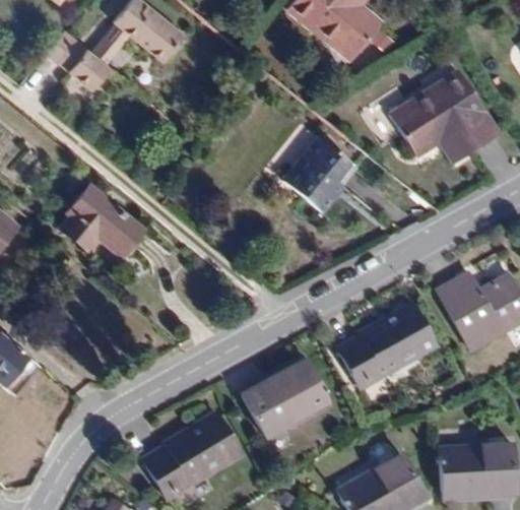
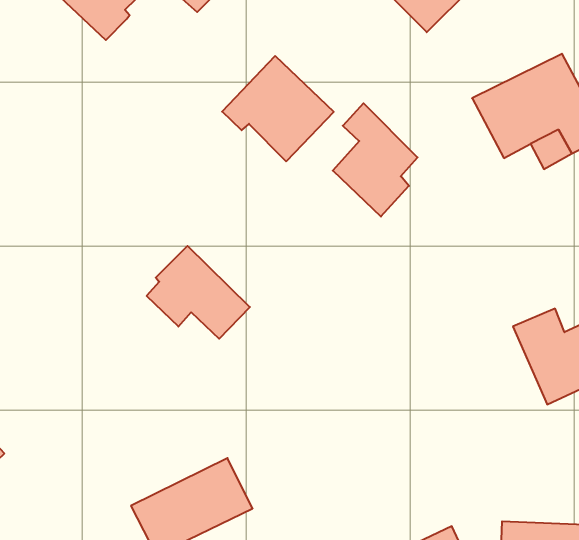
building: none -> [222,56,334,161]
building: [61,185,144,257] -> [147,246,250,339]
building: [338,307,436,388] -> none
building: [242,366,330,438] -> none

